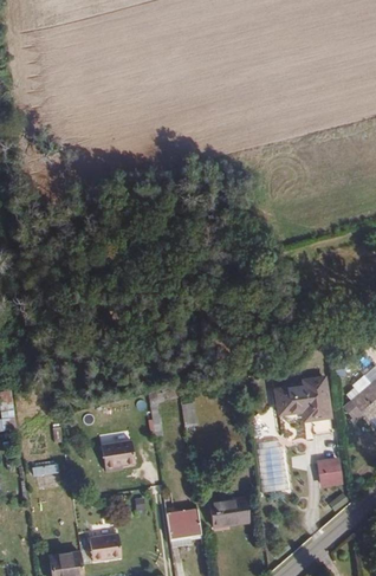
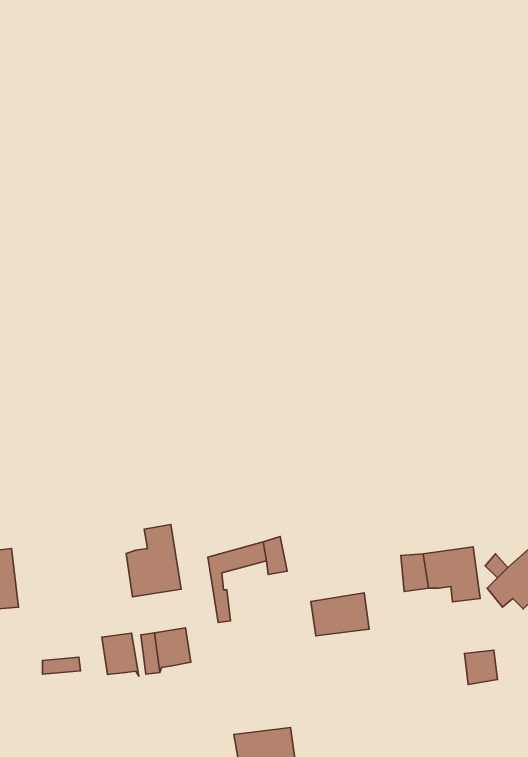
building: none -> [126,525,181,597]
building: none -> [102,633,139,676]
building: [209,491,249,520] -> [311,593,369,636]

